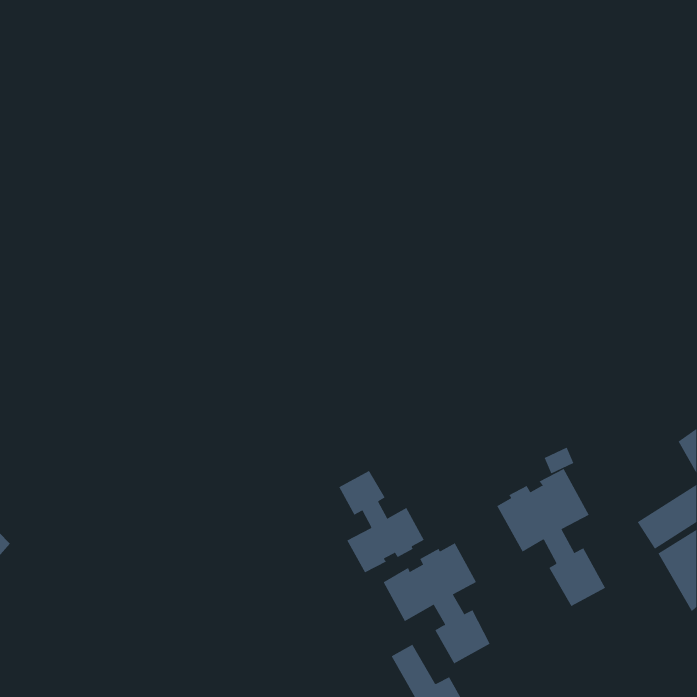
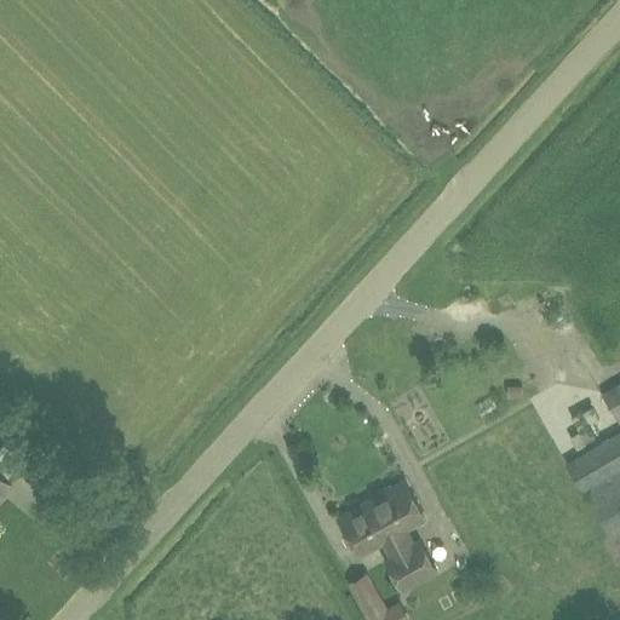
building: [497,468,606,607] -> none
building: [339,470,425,573] -> none

